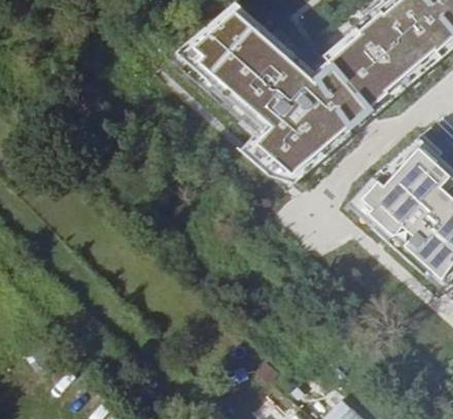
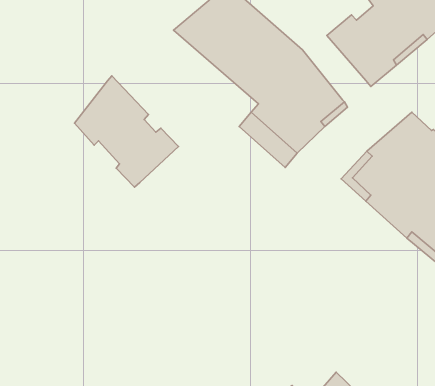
building: [307,57,371,121] -> none
building: none -> [75,76,178,187]

